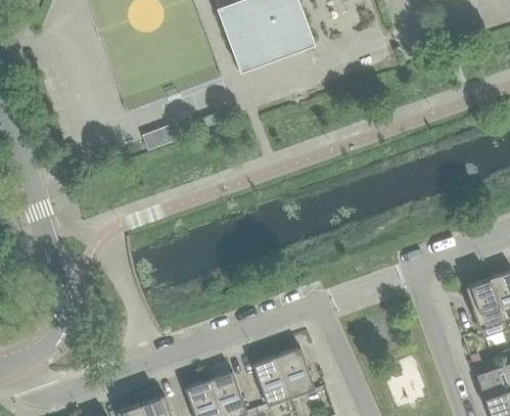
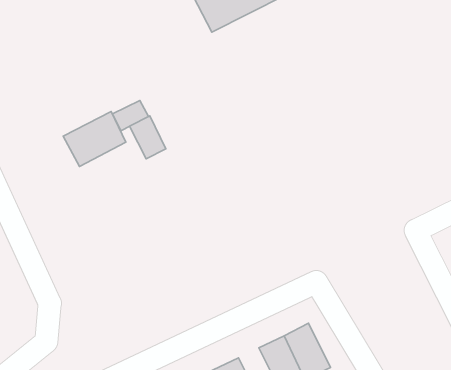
building: none -> [63,112,126,167]
building: none -> [130,116,166,159]

